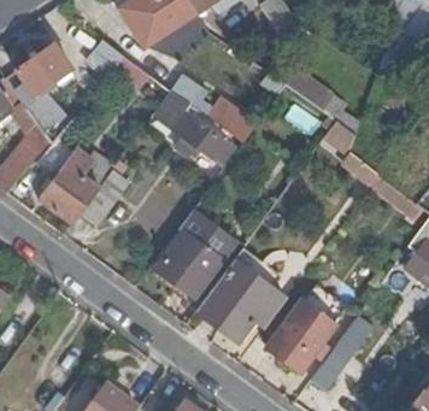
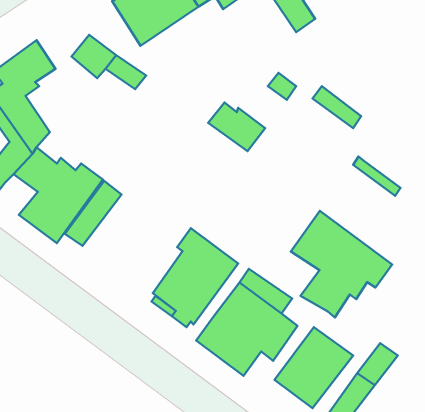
building: [155,94,234,160] -> none
building: none -> [291,211,392,318]

